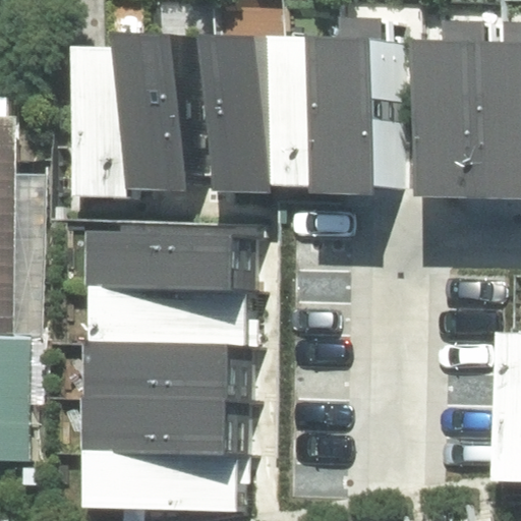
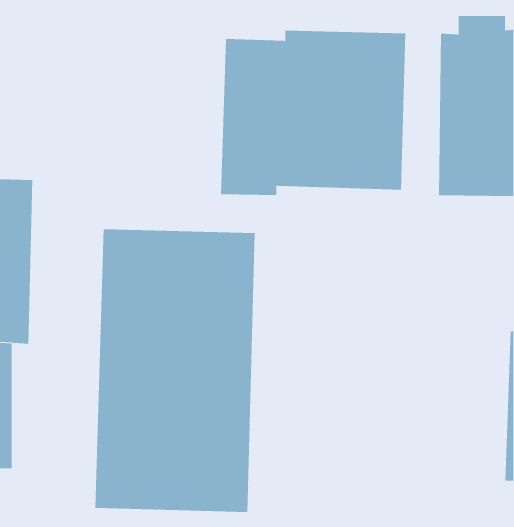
building: [75,35,194,196] -> none

